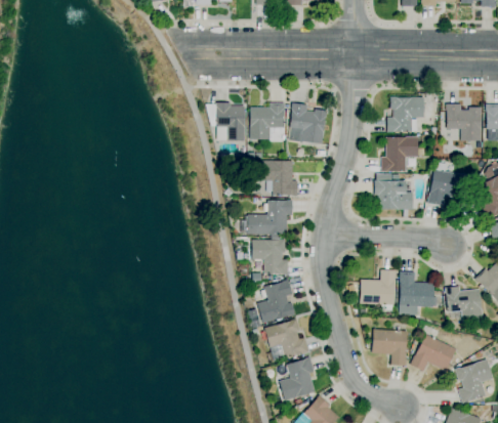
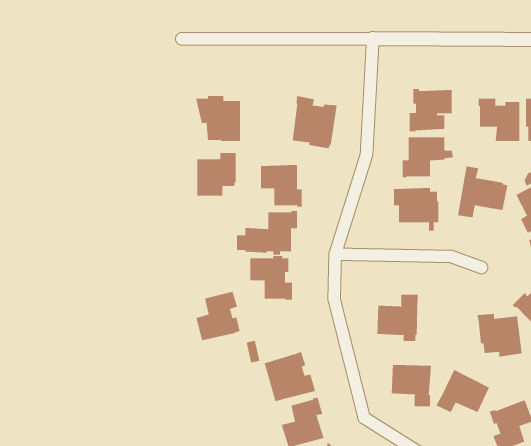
building: [250,102,284,139] -> [196,153,236,196]
building: [400,272,437,315] -> none
building: [257,281,295,323] -> [196,291,240,341]

